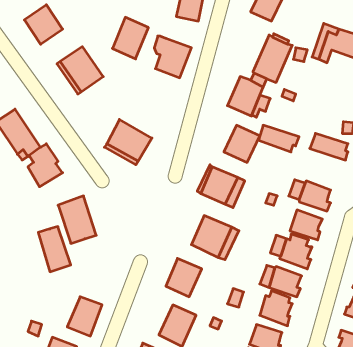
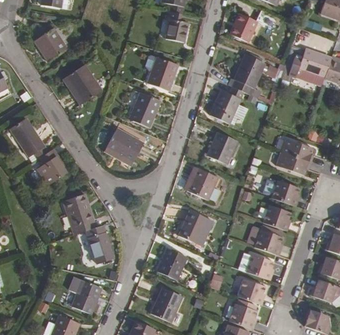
building: [112,17,148,59] -> [129,92,160,128]
building: [258,125,299,152] -> [276,152,311,175]
building: [38,227,71,272] -> [86,225,114,264]

